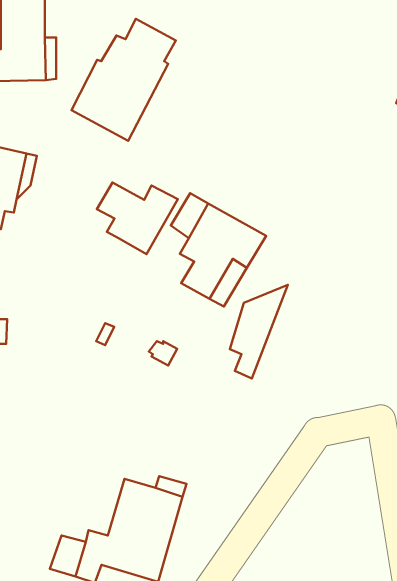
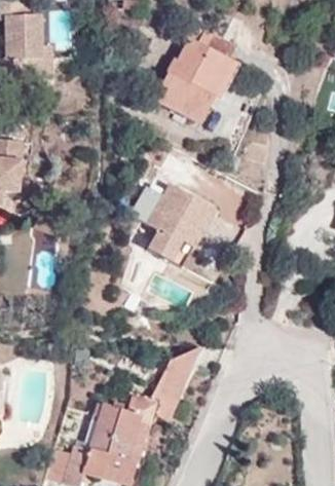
building: [72,19,176,141] -> [153,26,236,123]
building: [97,182,178,254] -> none
building: [230,285,288,379] -> [154,344,200,419]

